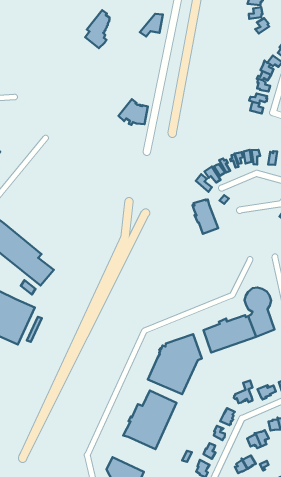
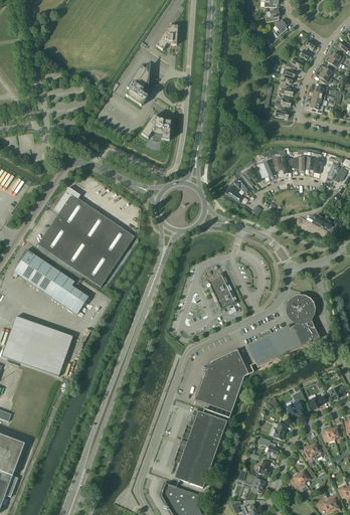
building: [85,10,110,48] -> [126,65,149,105]
building: none -> [38,188,135,286]
building: [192,199,218,234] -> [207,273,235,308]
building: none -> [174,460,209,487]

